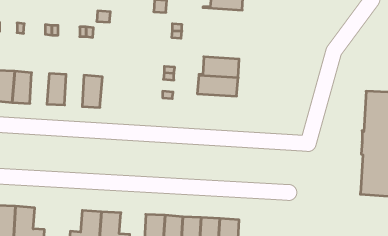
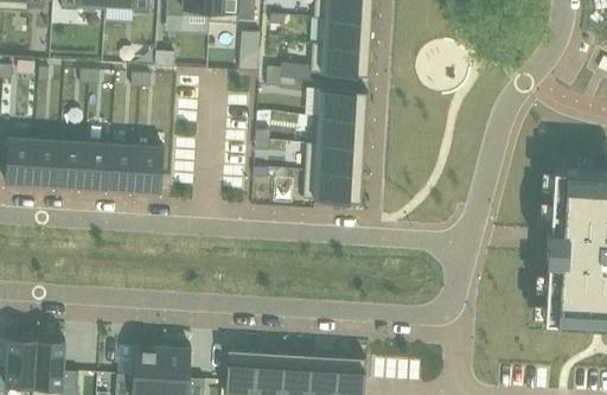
building: none -> [308,45,369,77]
building: none -> [312,90,366,121]
building: none -> [56,141,84,187]
building: none -> [107,144,135,191]
building: none -> [301,172,360,208]

